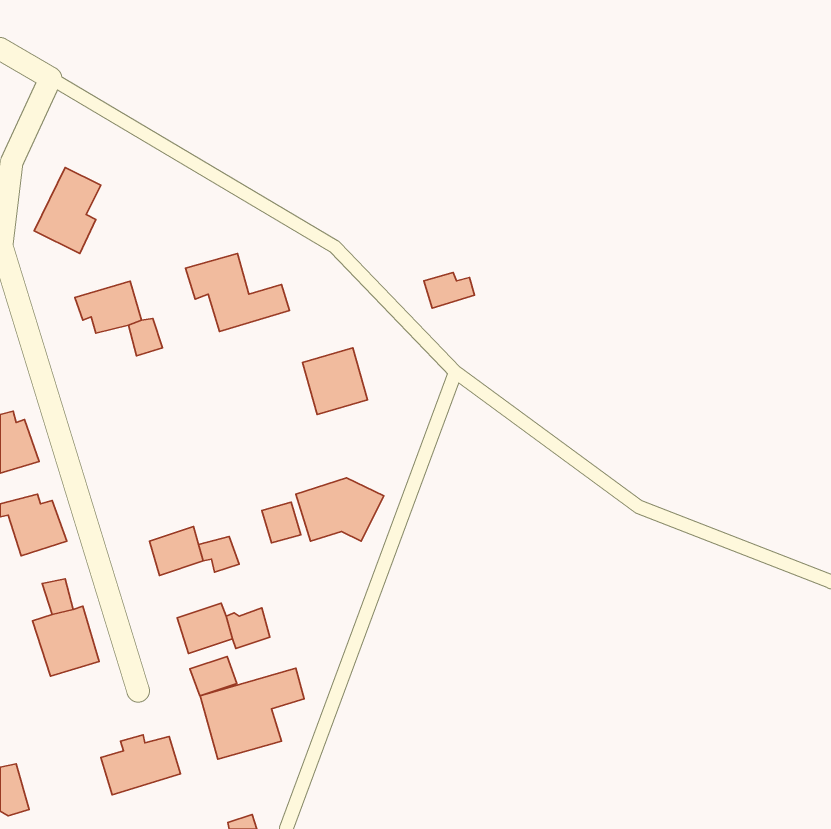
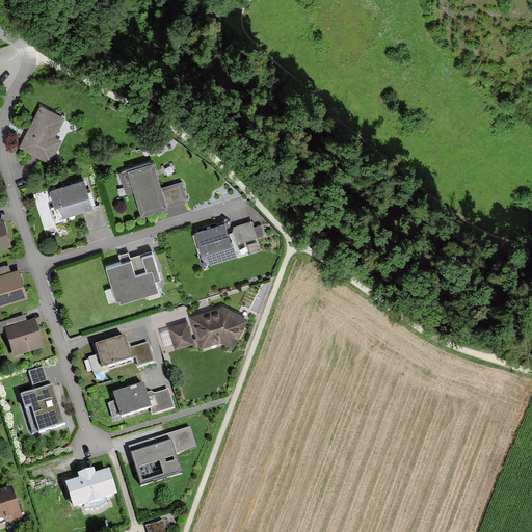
building: [424,273,474,308] -> [231,220,263,243]
building: none -> [103,249,159,300]
building: [190,656,237,696] -> none

